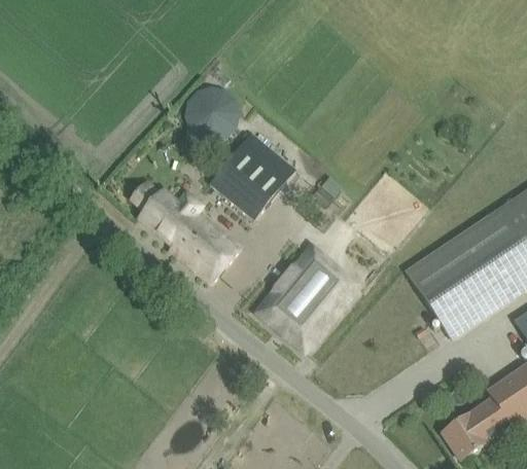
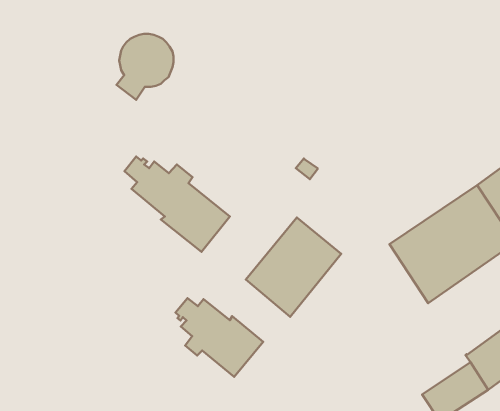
building: [178,83,238,152] -> [116,34,174,100]
building: [208,131,294,218] -> none
building: none -> [175,298,263,377]

